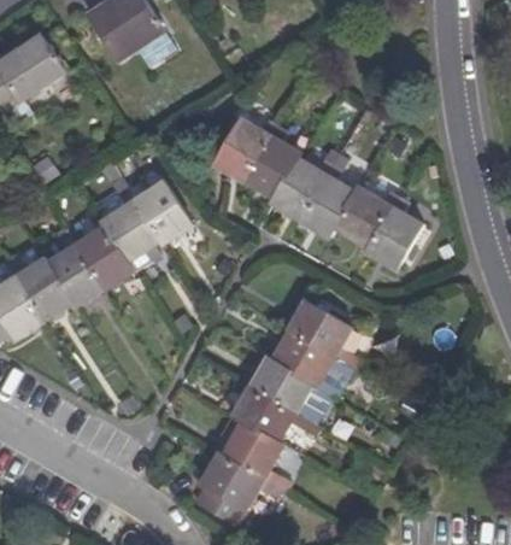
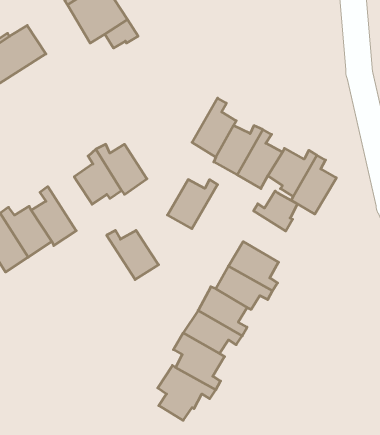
building: [213,121,275,181] -> [167,180,218,229]
building: [66,229,130,289] -> [107,230,159,280]
building: none -> [254,191,298,231]

